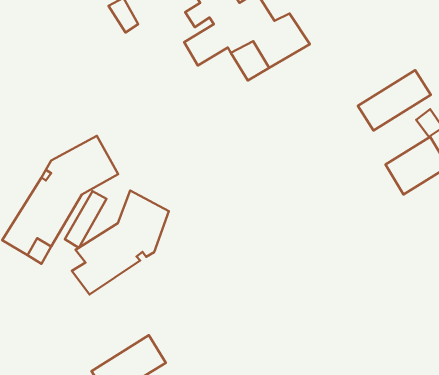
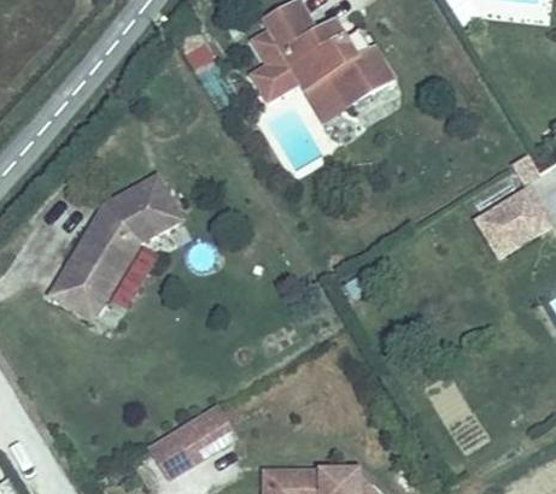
building: [358,70,431,130] -> none
building: [72,191,169,295] -> none

